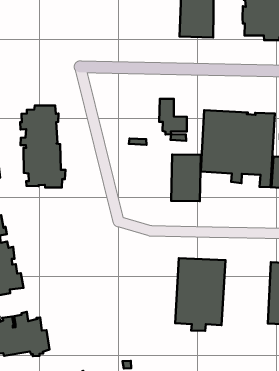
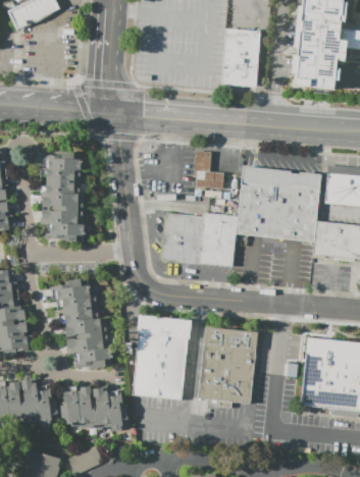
building: none -> [161,210,204,263]
building: none -> [49,277,114,367]
building: none -> [132,314,191,399]
building: none -> [59,384,128,434]

